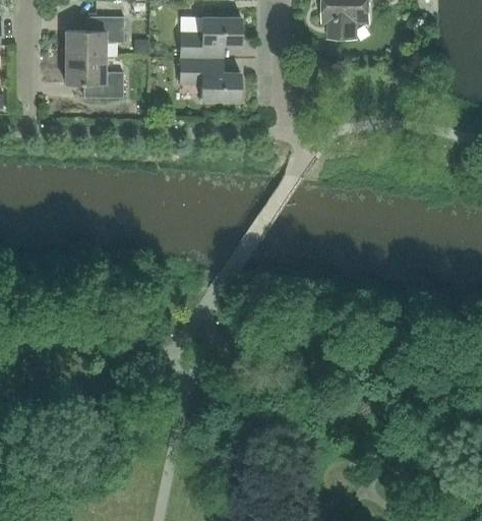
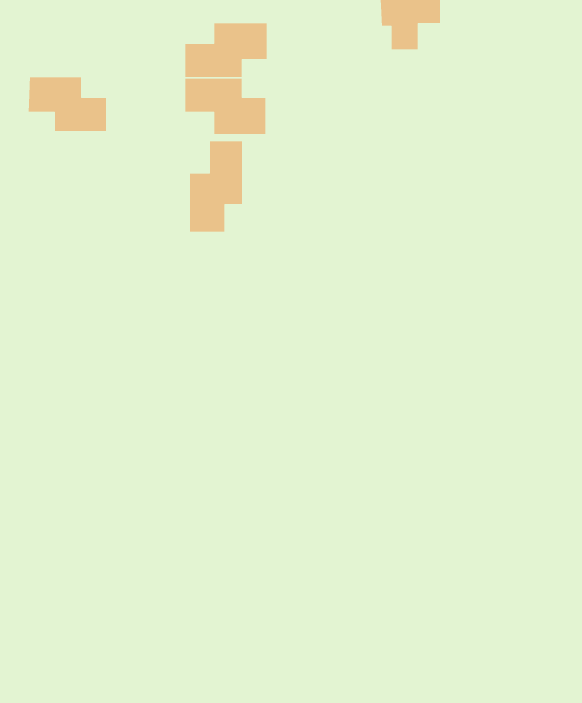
building: [66,17,124,57] -> none
building: none -> [189,141,243,232]

